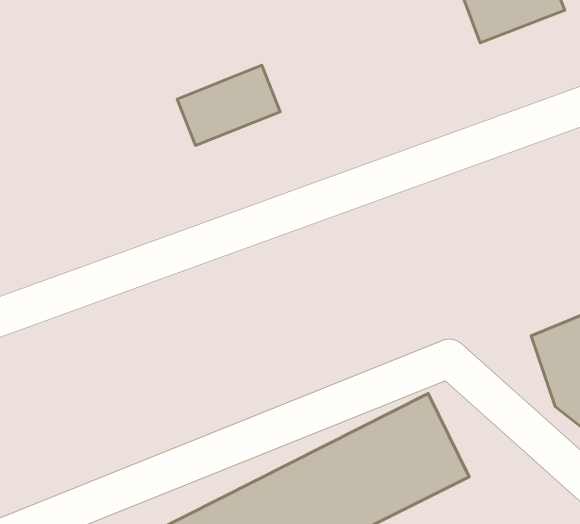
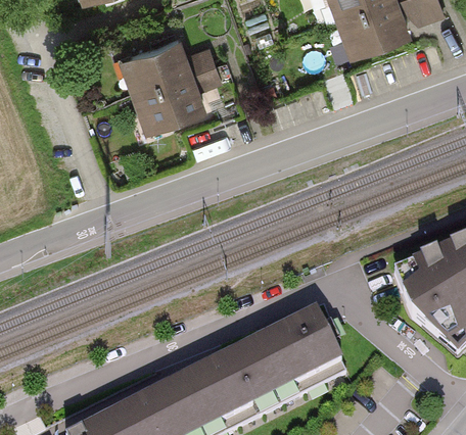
building: none -> [122,31,197,90]

